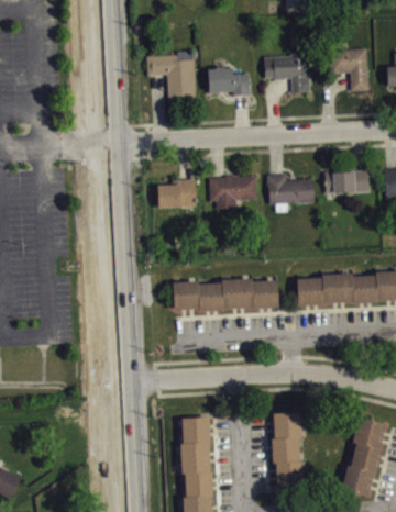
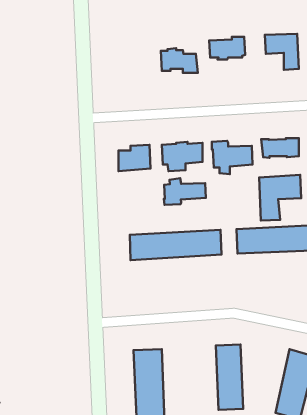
building: [146,55,196,101] -> none
building: none -> [259,175,301,220]
building: none -> [164,178,206,205]

